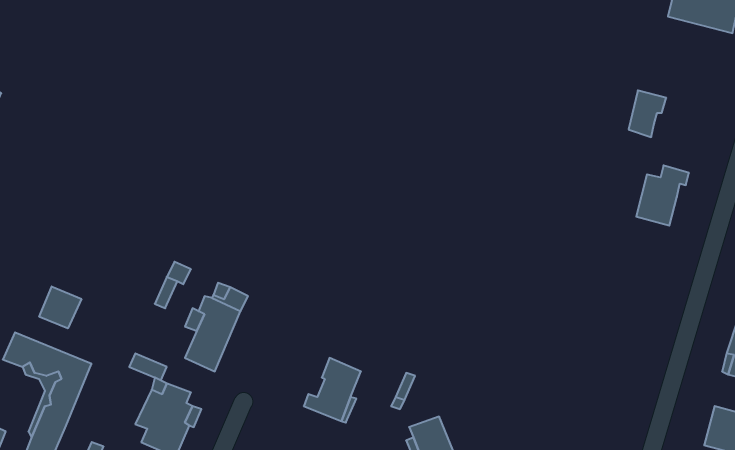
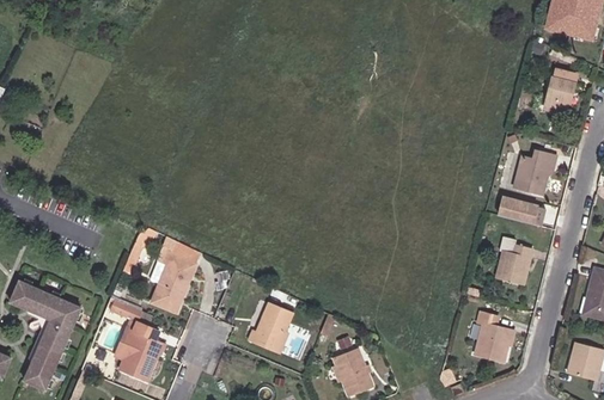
building: [629,90,666,137] -> [542,79,572,116]
building: none -> [499,201,542,227]
building: [39,286,81,328] -> none
building: none -> [494,246,530,287]
building: none -> [474,314,511,363]

